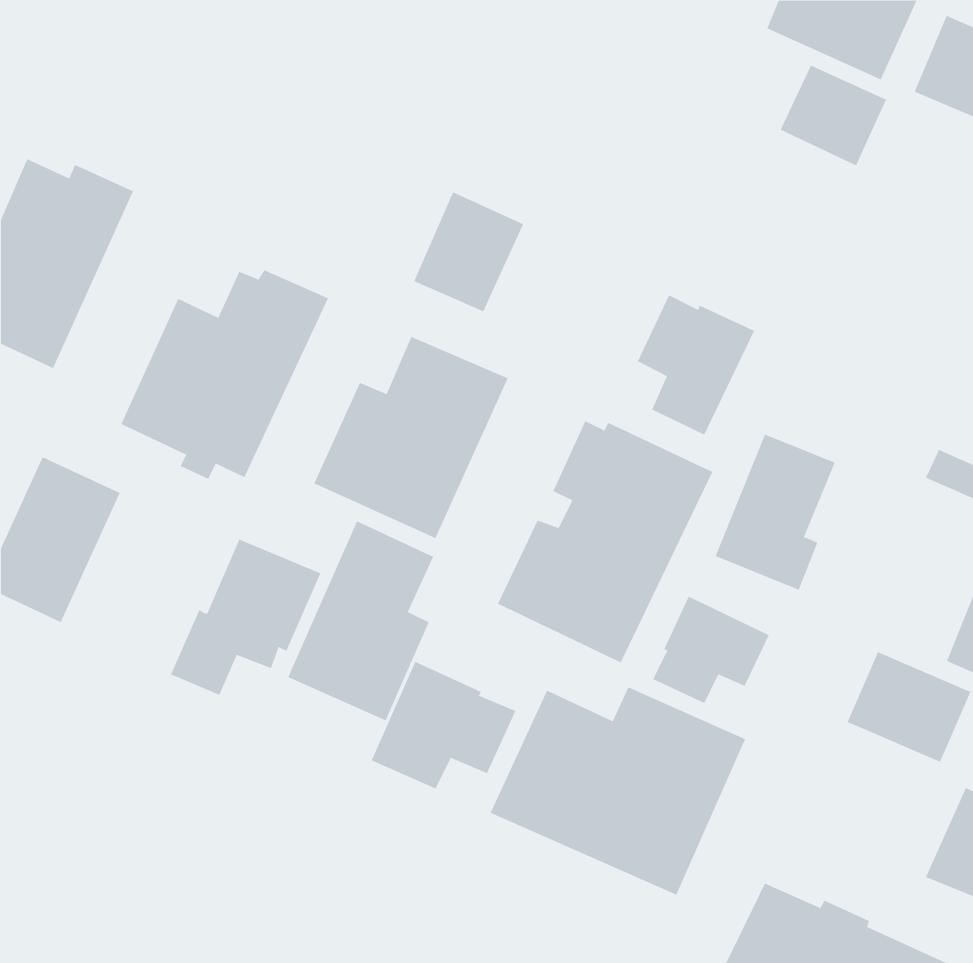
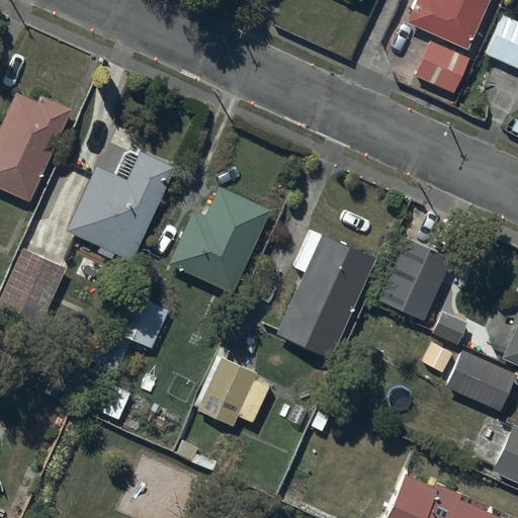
building: [414,192,524,312] -> none
building: [637,294,755,435] -> none
building: [287,521,434,721] -> none
building: [652,596,770,704] -> none
building: [490,687,746,896] -> none

